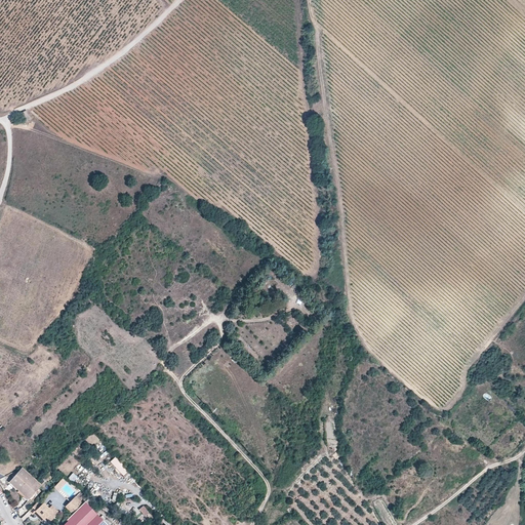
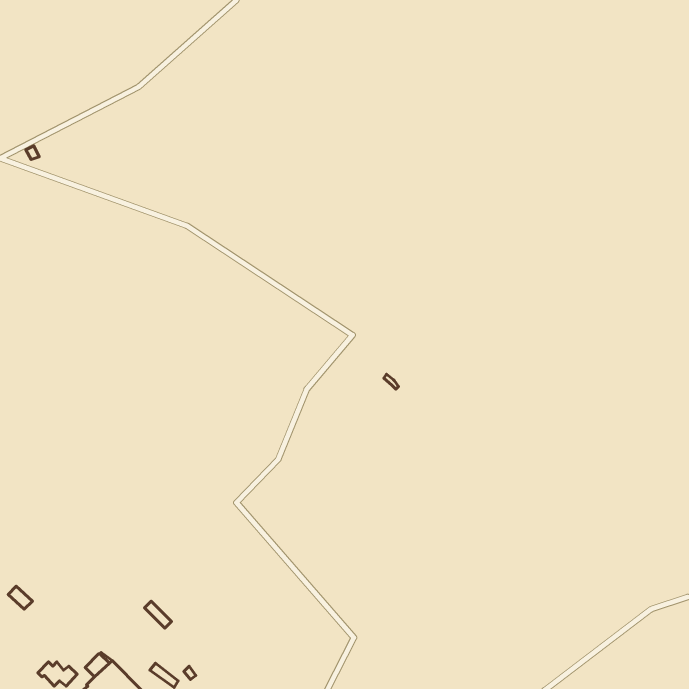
building: [10,469,42,500] -> none

